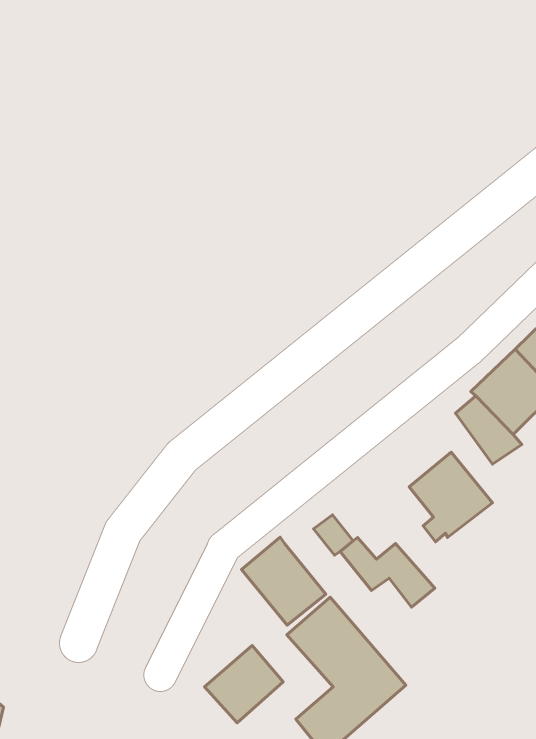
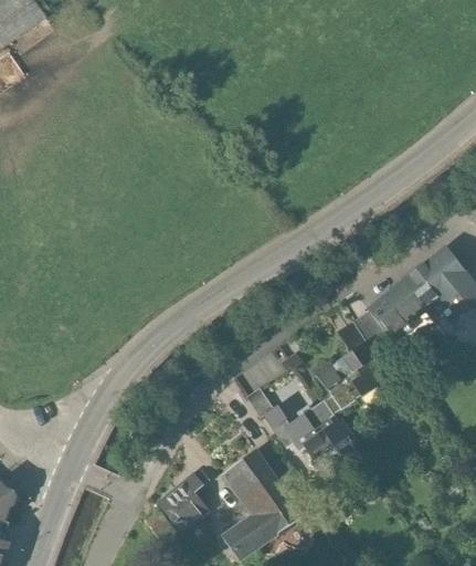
building: none -> [303,400,346,447]
building: [242,537,326,625] -> none

